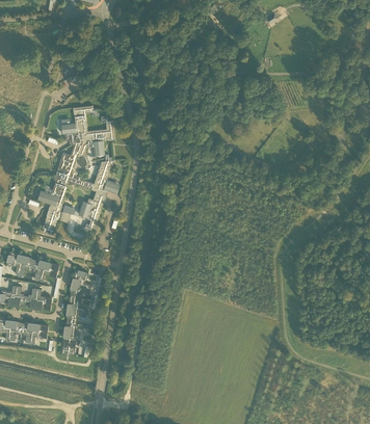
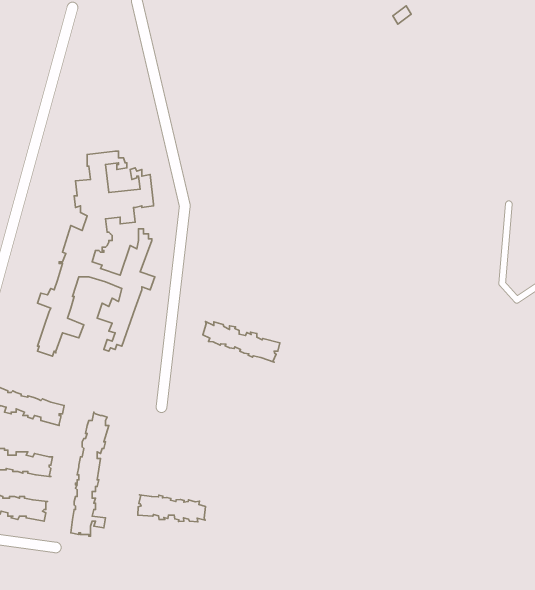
building: none -> [203,321,280,362]
building: none -> [138,495,205,522]

